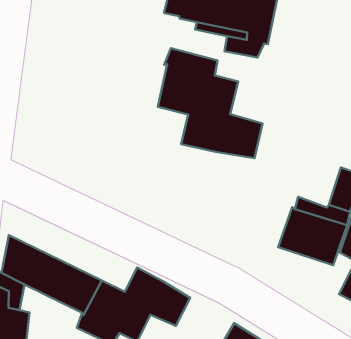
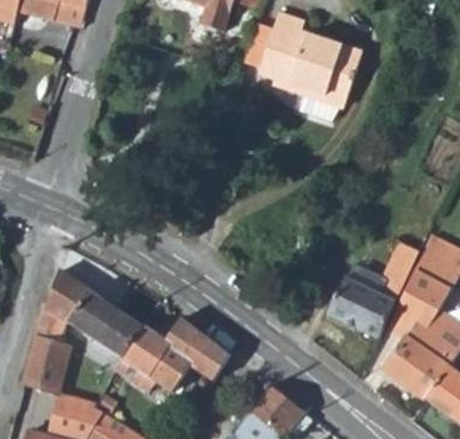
building: [158,48,263,158] -> none

